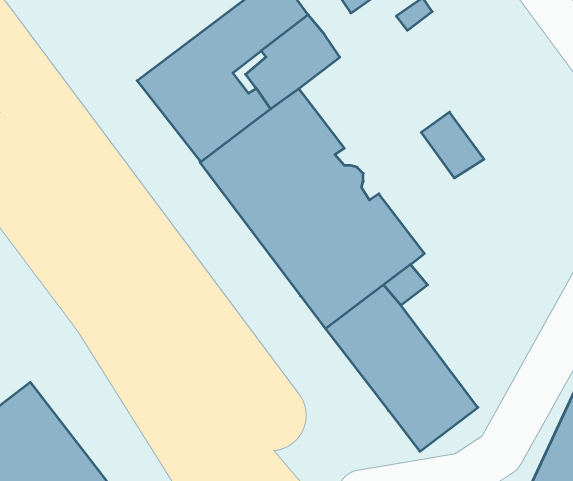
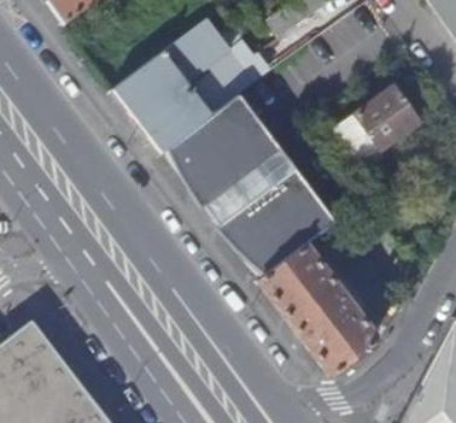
building: none -> [353,86,419,148]

